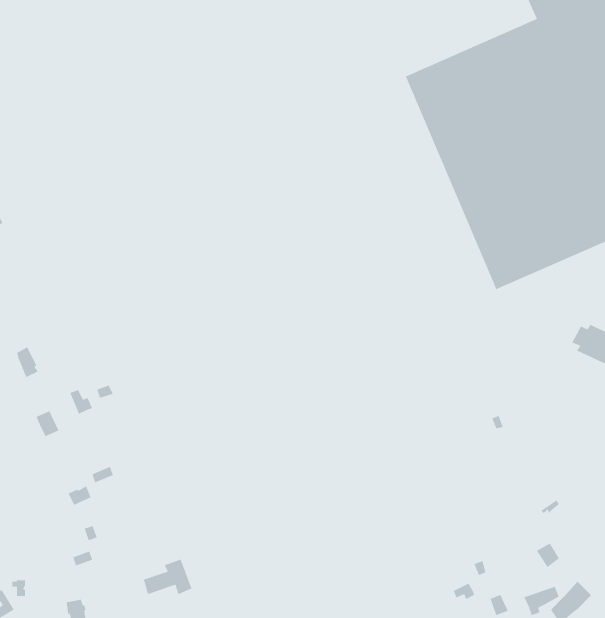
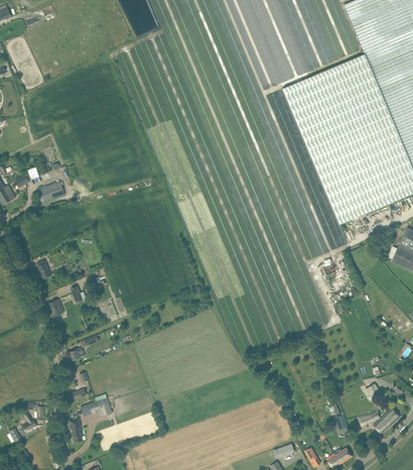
building: none -> [38,181,65,203]
building: [143,558,192,595] -> [81,393,112,417]

